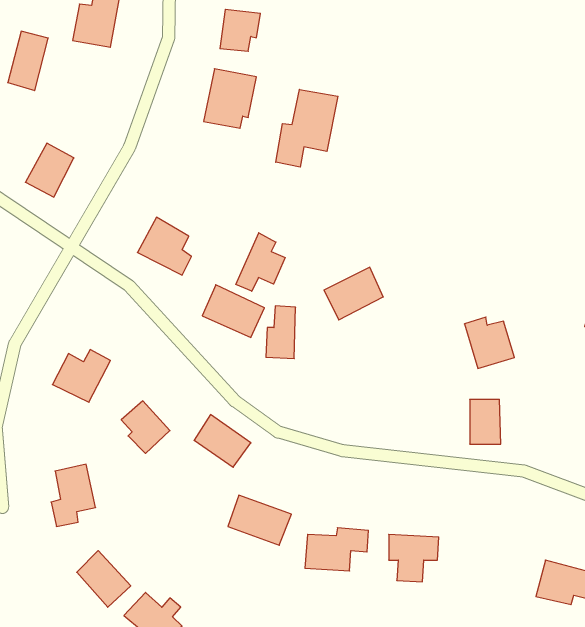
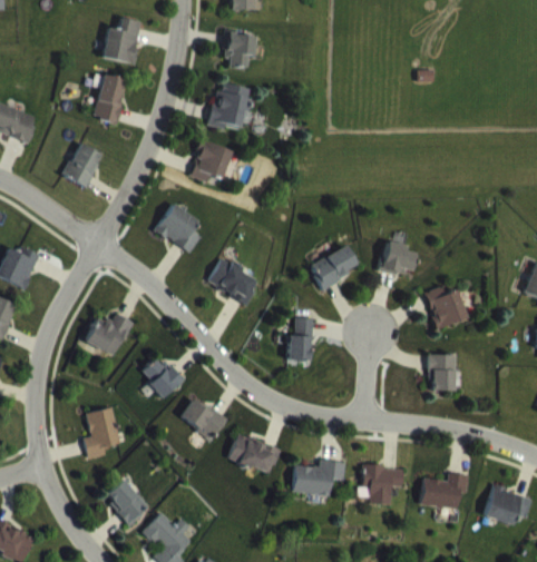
building: [8,31,48,91] -> [94,75,127,124]
building: [276,89,338,167] -> none
building: none -> [188,139,232,183]
building: [236,233,285,291] -> none
building: none -> [380,240,417,275]
building: [266,306,296,359] -> [287,317,312,361]
building: [194,415,251,467] -> [180,396,227,440]
building: none -> [420,473,469,509]

